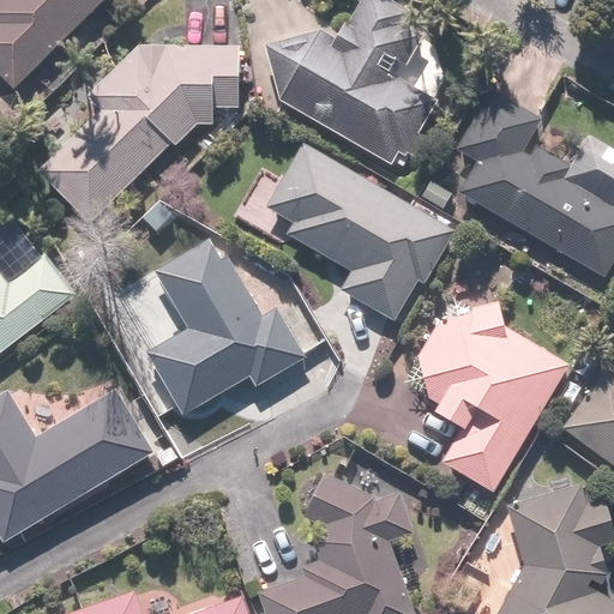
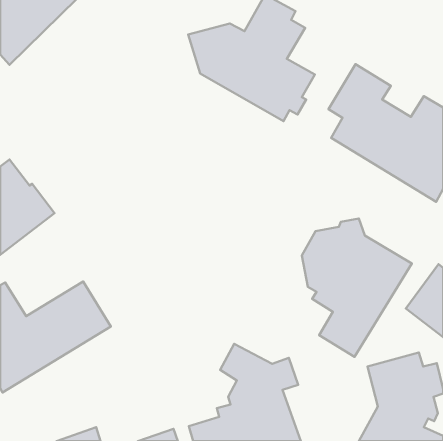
building: [20,47,241,225] -> none
building: [242,143,460,320] -> none
building: [146,236,308,416] -> none

